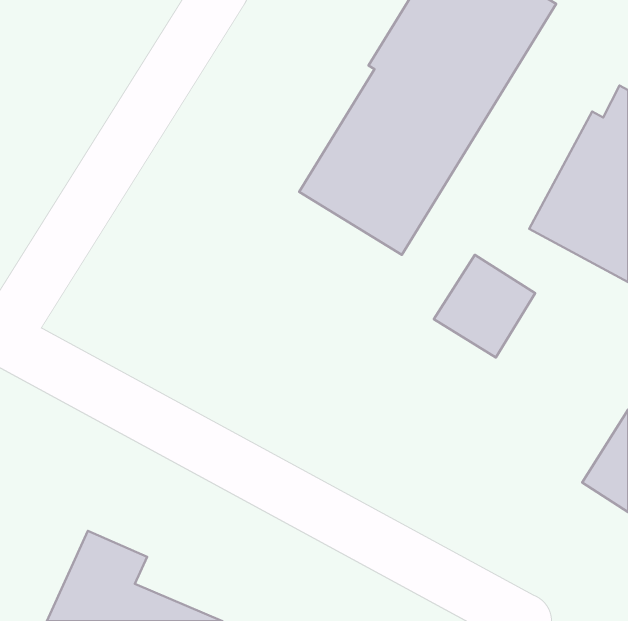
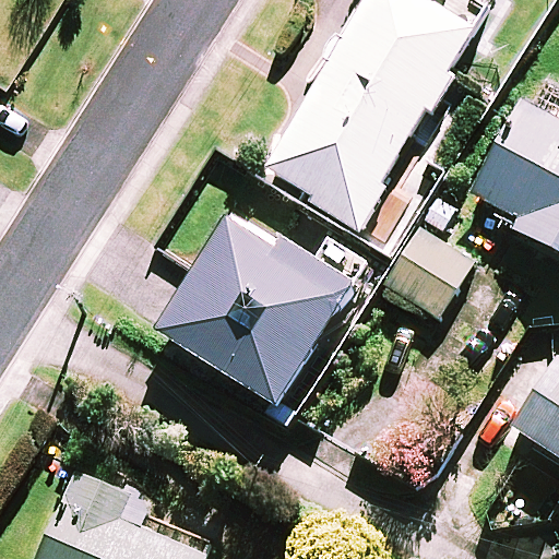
building: none -> [162,218,350,404]

